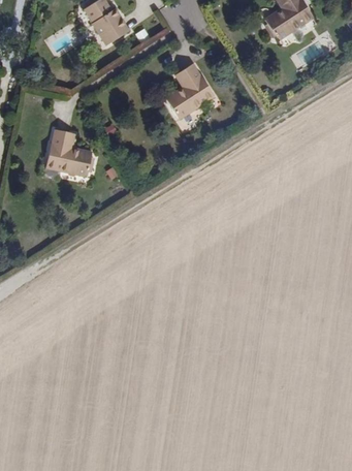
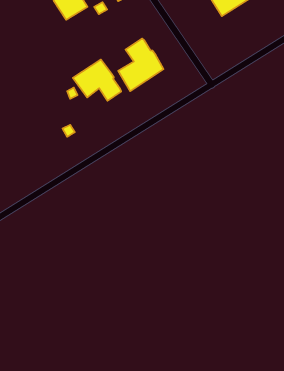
building: none -> [73,59,121,101]
building: [43,128,89,176] -> none

